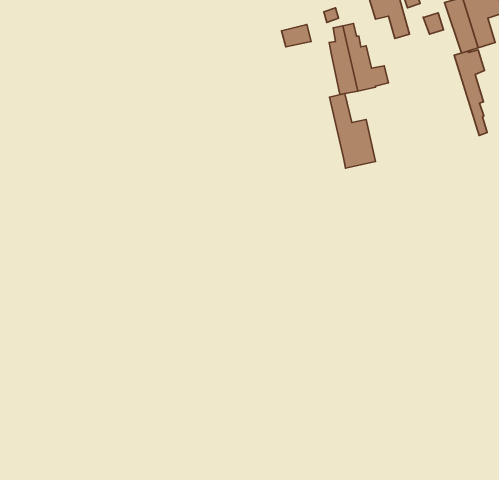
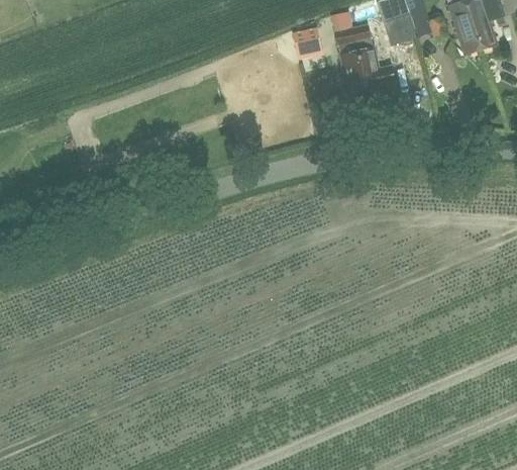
building: [454,50,487,135] -> none
building: [329,94,375,168] -> none

